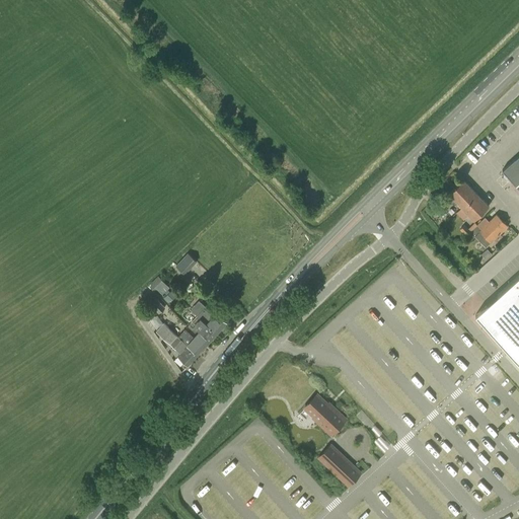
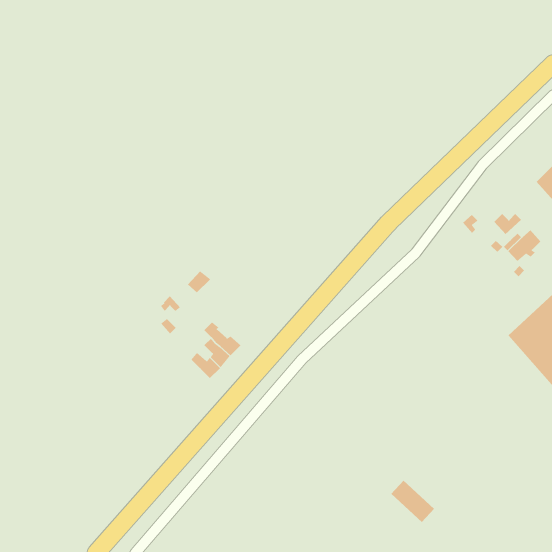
building: [449,180,484,209] -> none
building: [157,324,198,366] -> none
building: [305,395,346,436] -> none
building: [319,446,361,487] -> [391,480,435,523]

